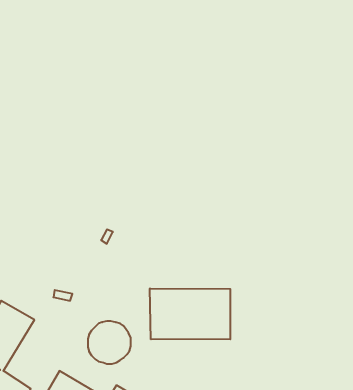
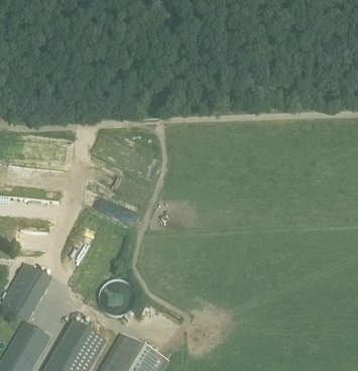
building: [150,288,230,339] -> none

